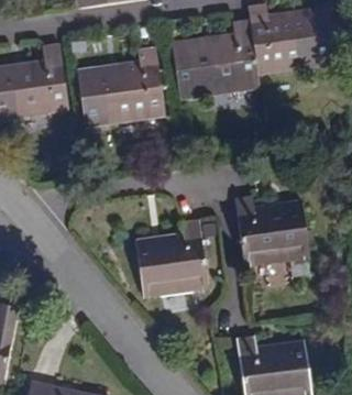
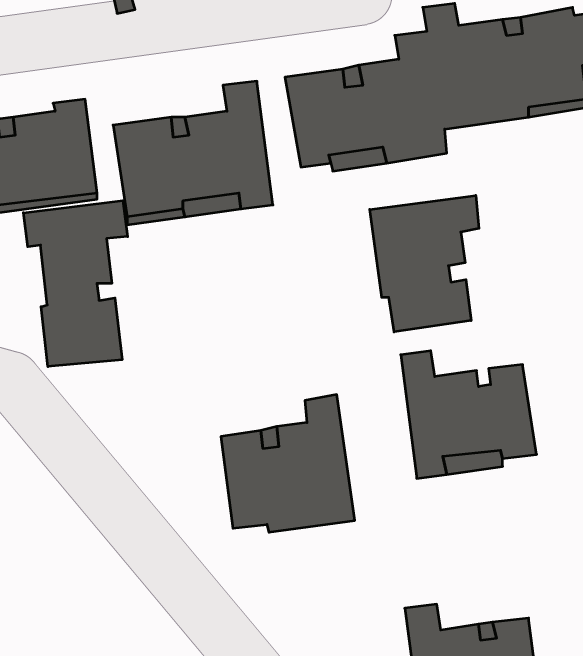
building: none -> [370,195,479,332]
building: none -> [23,201,128,367]

